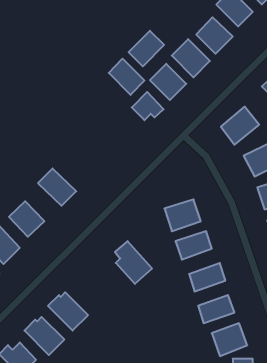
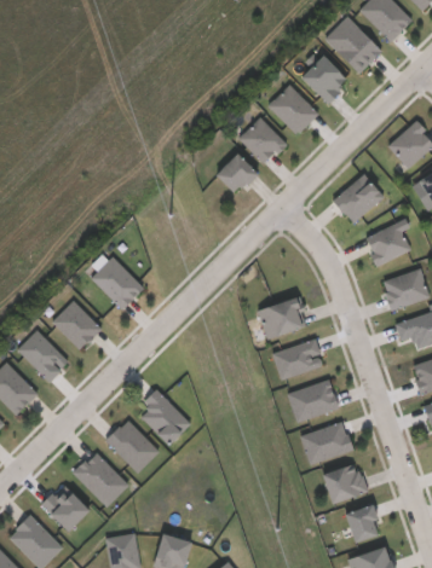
building: [129,31,164,66] -> none
building: [109,59,144,95] -> none
building: [115,241,152,284] -> [140,388,190,445]

